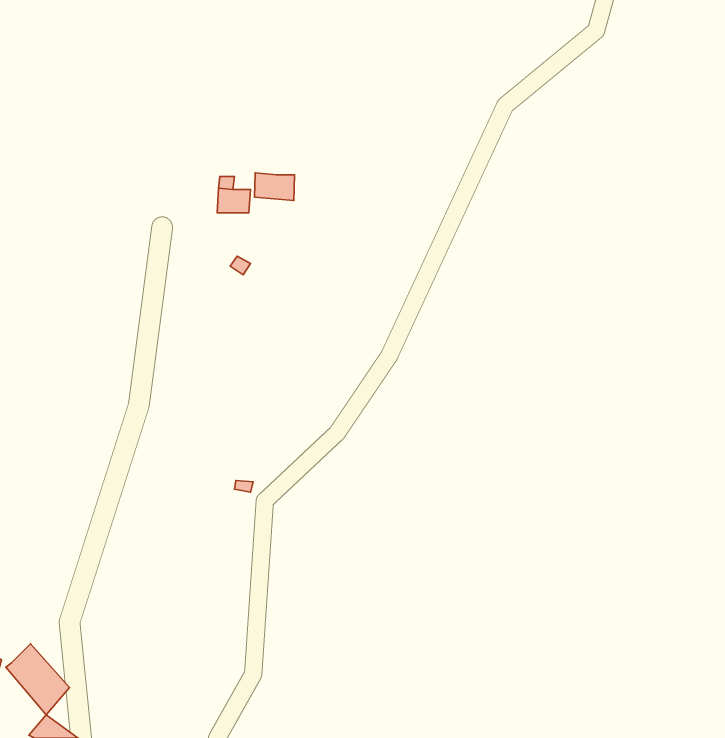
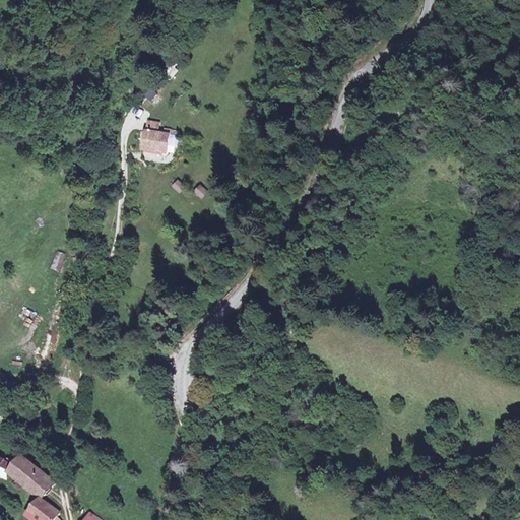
building: [255,173,295,201] -> none

